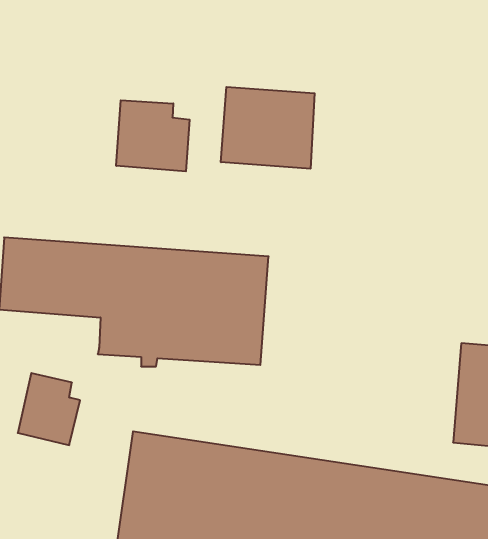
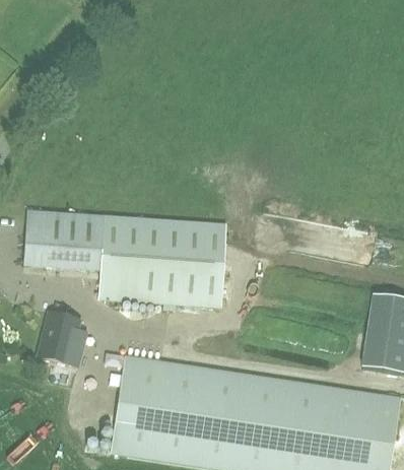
building: [221,87,315,169] -> none
building: [116,100,190,171] -> none

